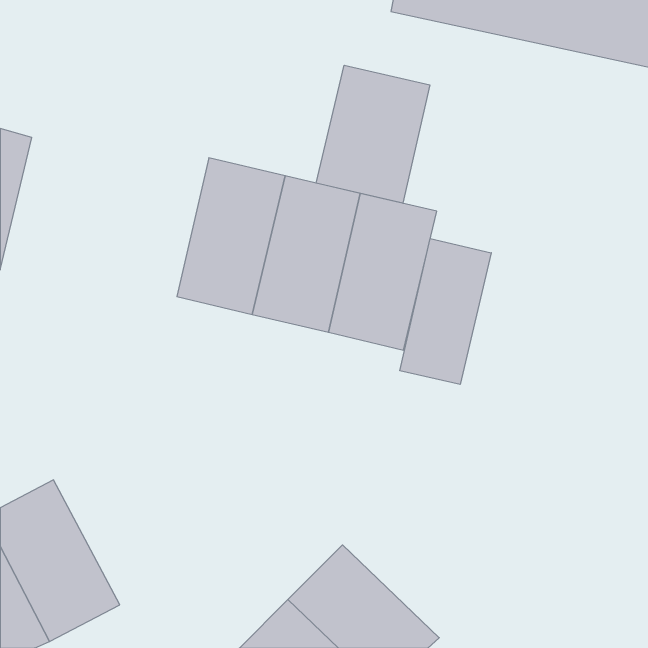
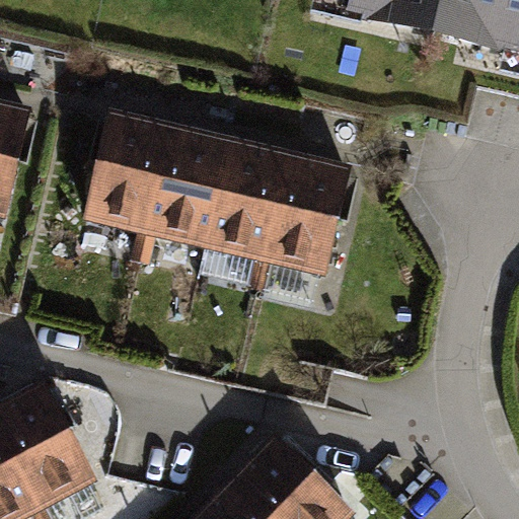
building: [316,65,430,203] -> none
building: none -> [82,112,168,236]
building: [400,239,491,384] -> none

